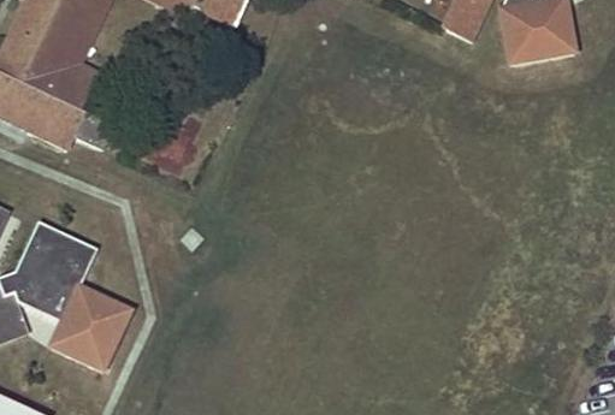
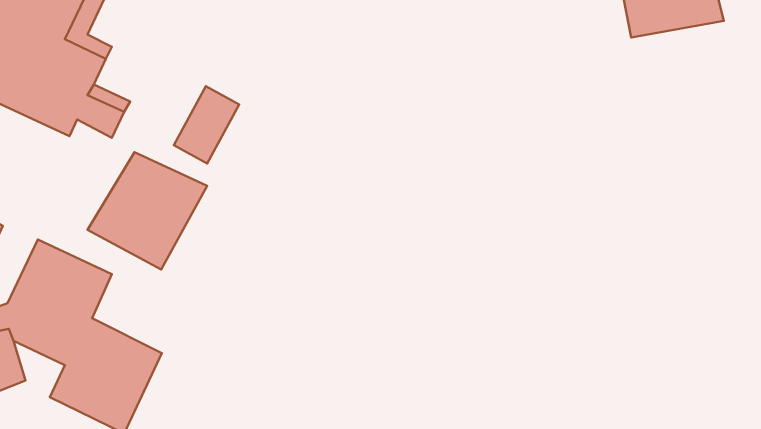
building: none -> [88,152,207,269]

